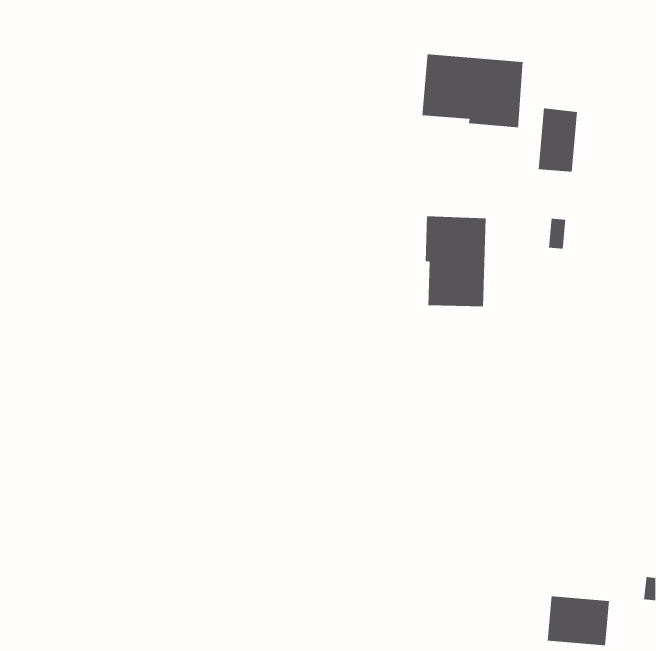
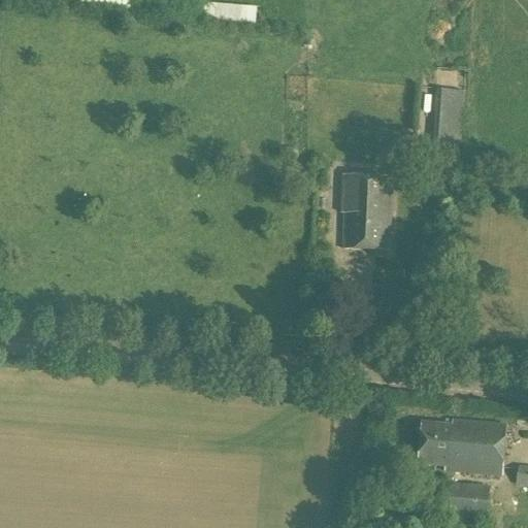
building: [422,53,523,128] -> none
building: none -> [419,420,506,474]

